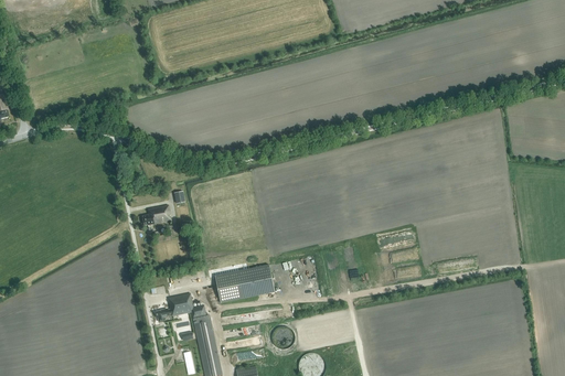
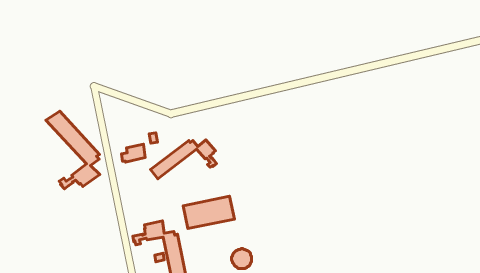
building: none -> [46,111,100,189]
building: none -> [151,140,217,179]

